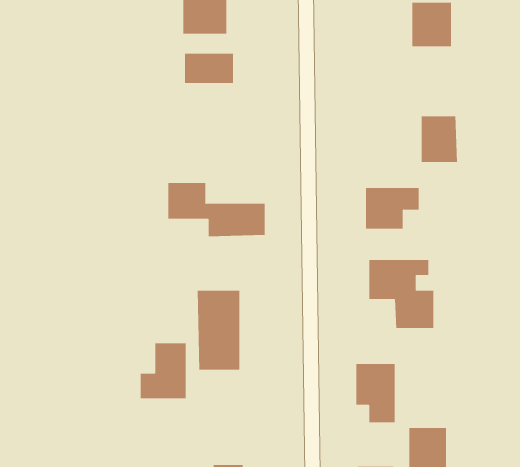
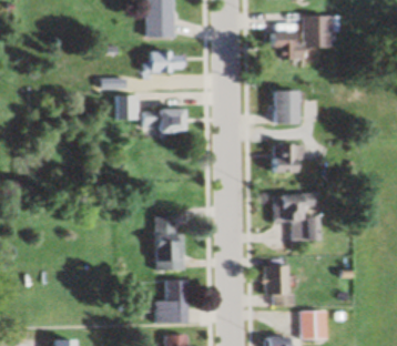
building: none -> [269,32,298,59]
building: [421,116,458,162] -> [273,91,298,123]
building: [168,183,265,237] -> [115,94,183,132]
building: [140,343,186,399] -> [157,281,190,319]

